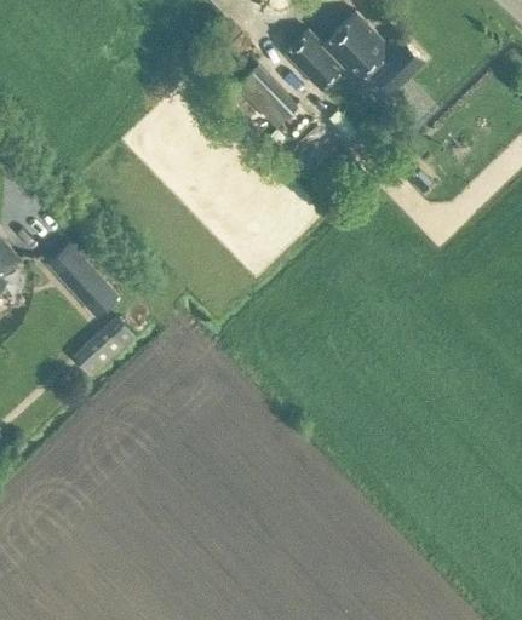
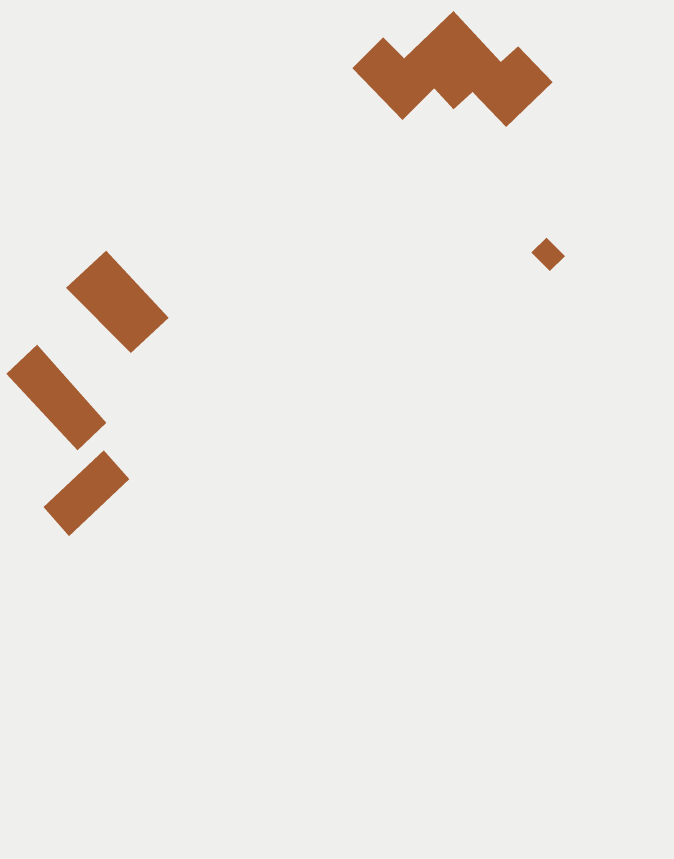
building: [239,63,299,125] -> none
building: none -> [65,250,170,354]

